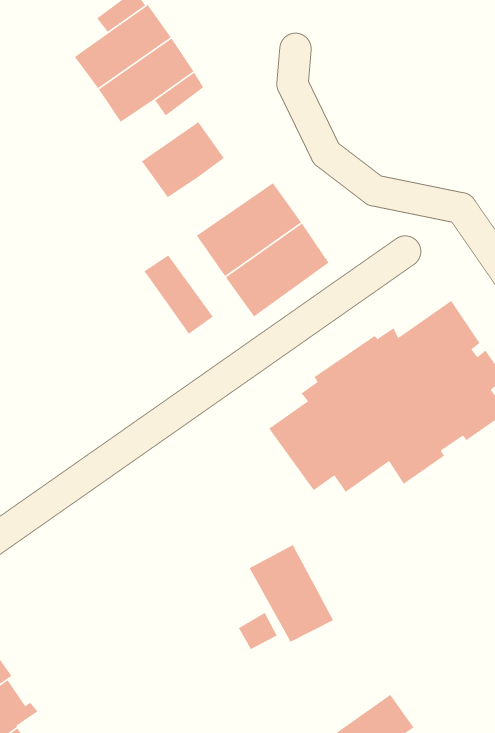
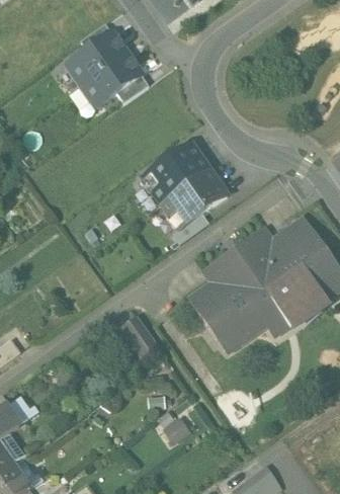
building: [141,121,225,198] -> none
building: [144,254,214,335] -> none
building: none -> [119,316,158,357]
building: [249,544,334,643] -> none

